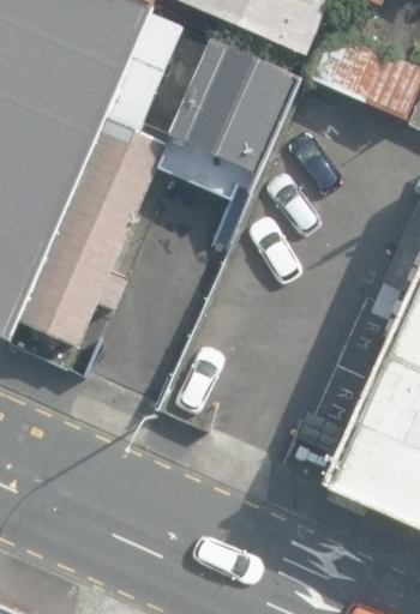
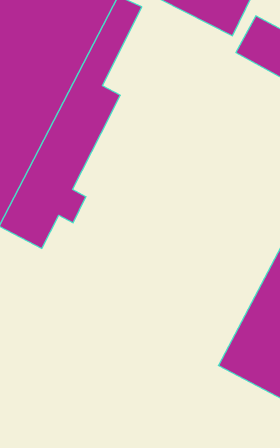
building: [157,35,306,199] -> none

